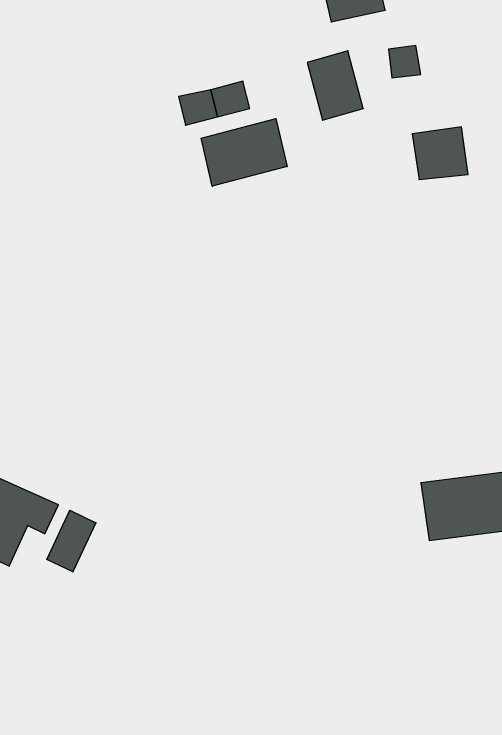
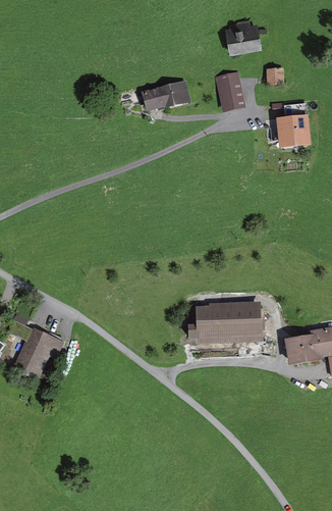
building: [201,119,287,186] -> none
building: none -> [193,301,261,344]
building: [47,510,96,572] -> none

